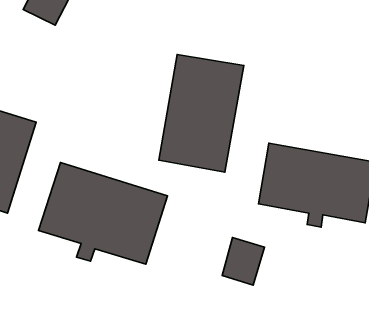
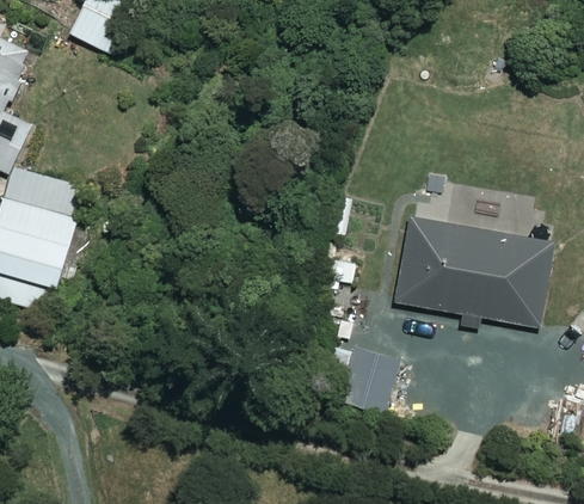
building: [159,55,244,172] -> none
building: [38,162,168,264] -> none

